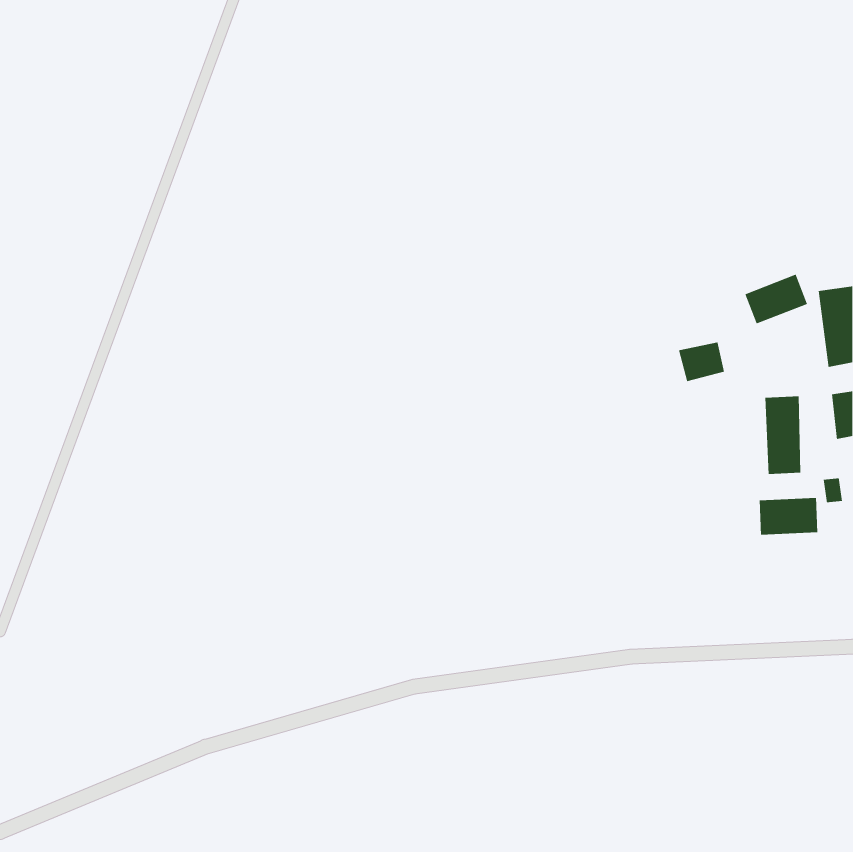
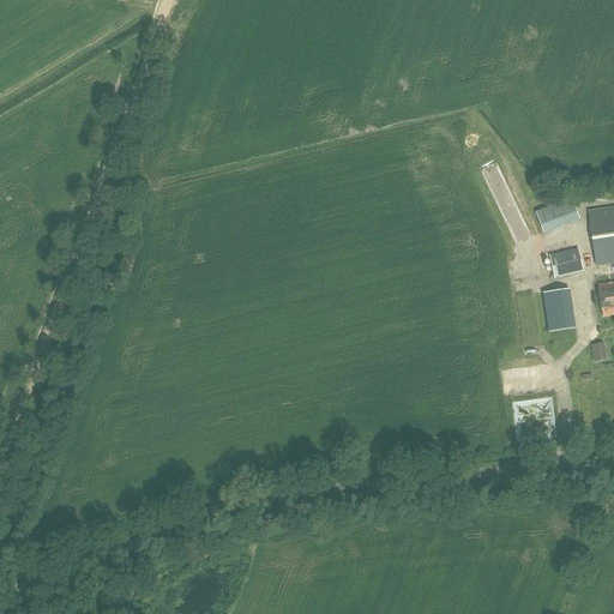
building: [678,342,725,382] -> [549,248,583,277]
building: [759,497,818,535] -> none

